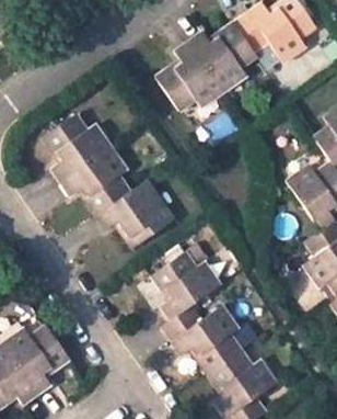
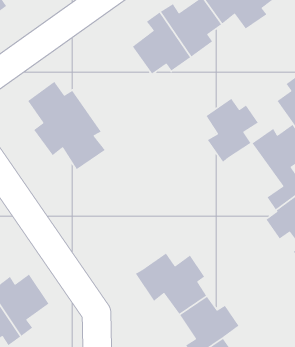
building: none -> [205,98,259,163]
building: [95,180,173,247] -> none
building: [154,252,219,321] -> none

